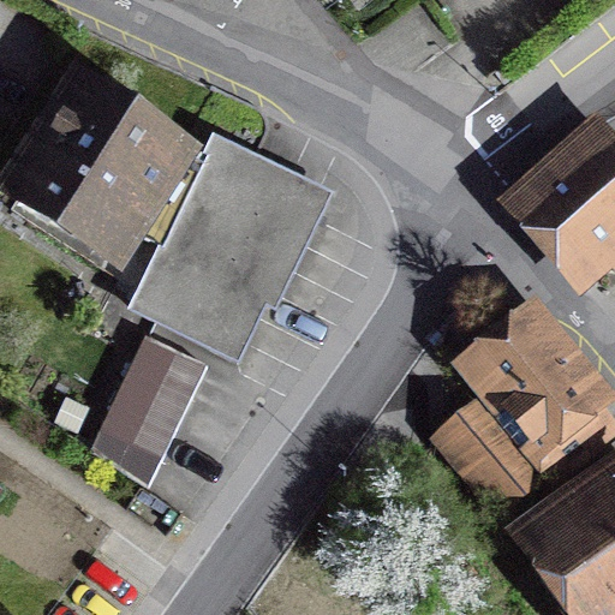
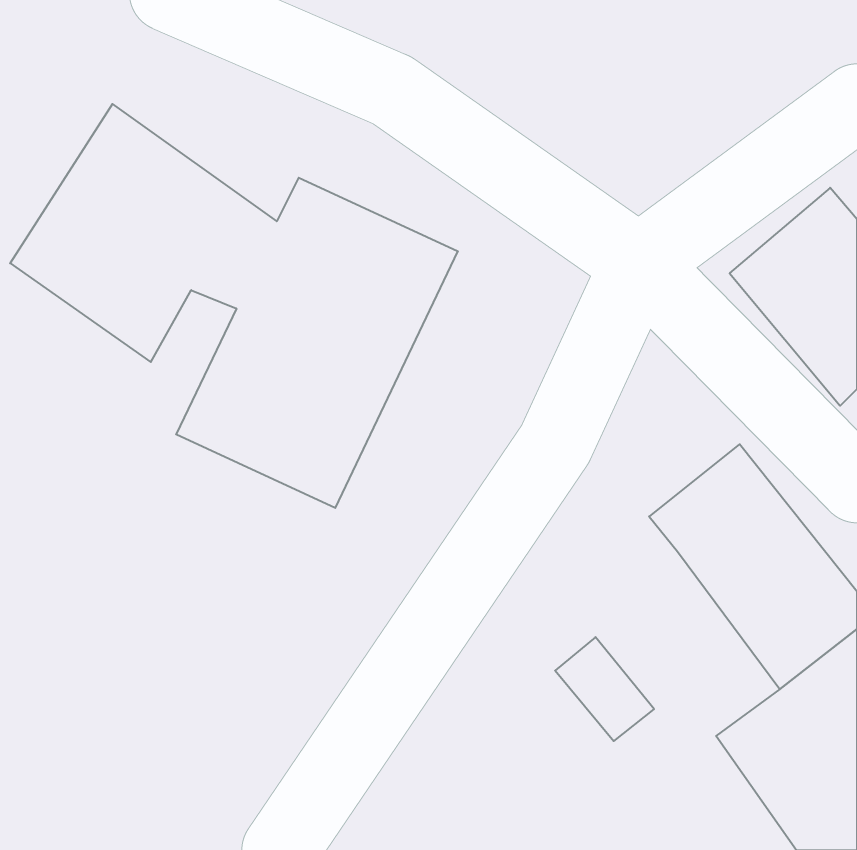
building: [97,342,205,476] -> none
building: [440,395,559,527] -> none

